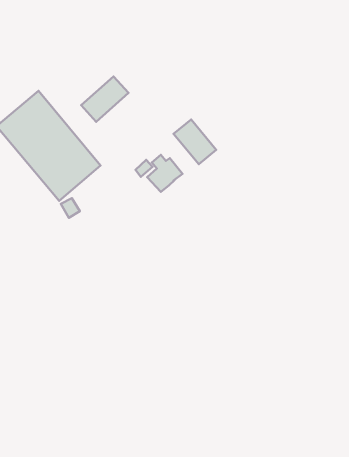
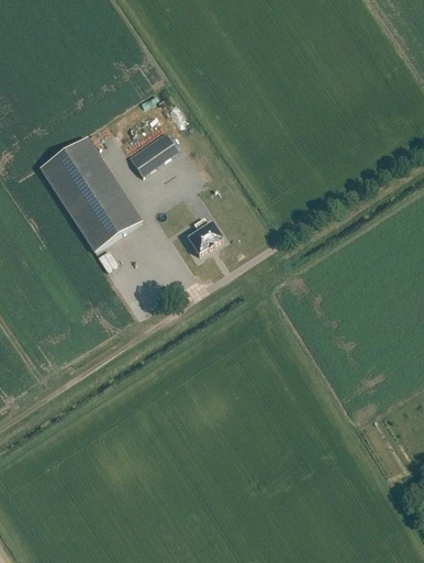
building: [174,119,216,164] -> none

